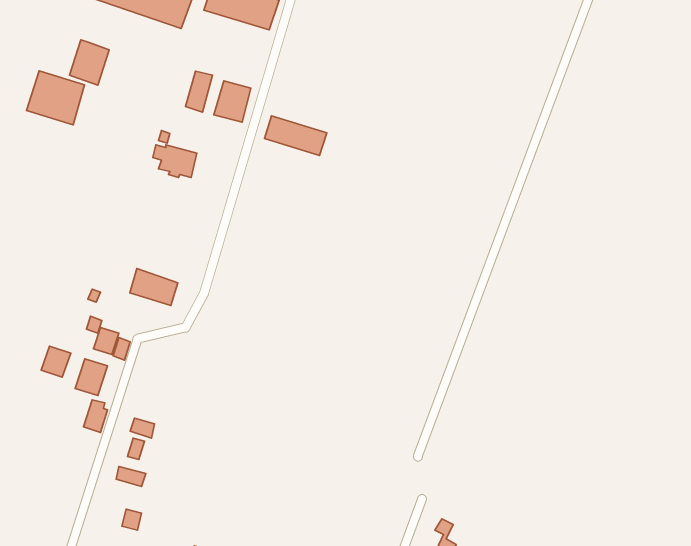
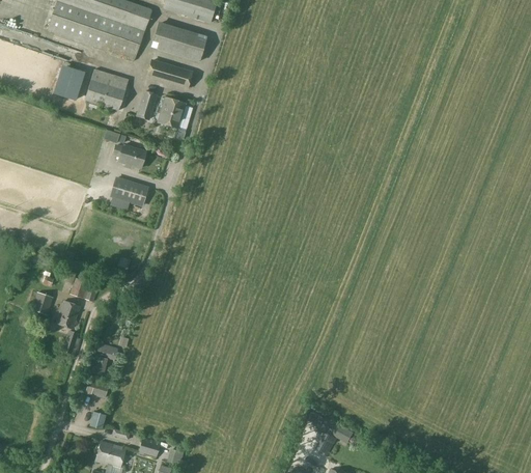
building: [26,71,85,125] -> [85,69,128,109]
building: [264,116,327,156] -> [146,60,192,89]
building: [130,269,178,306] -> [111,177,146,204]

